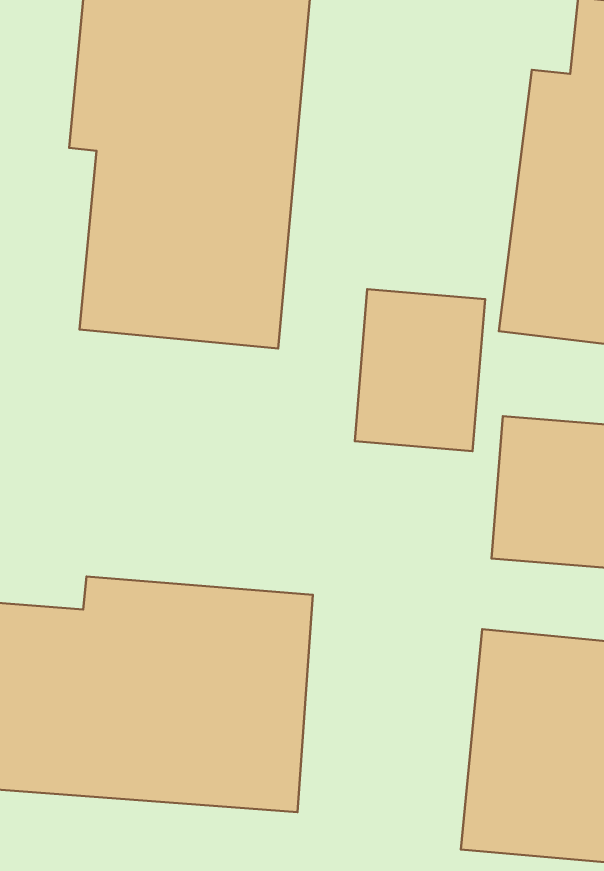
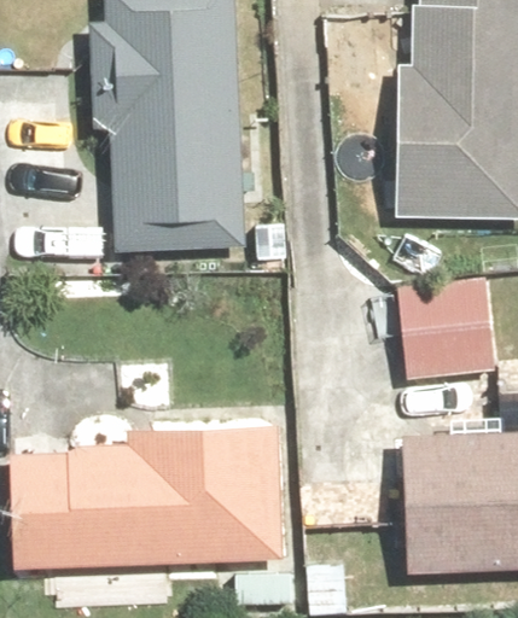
building: [355,289,485,451] -> none

